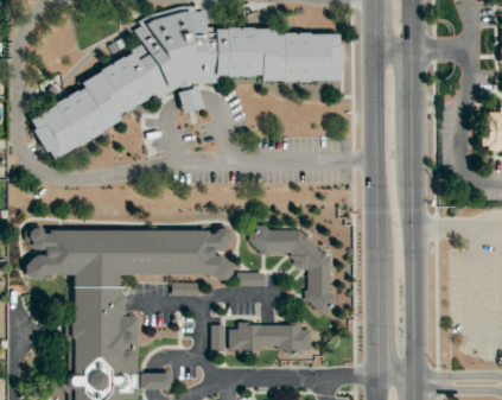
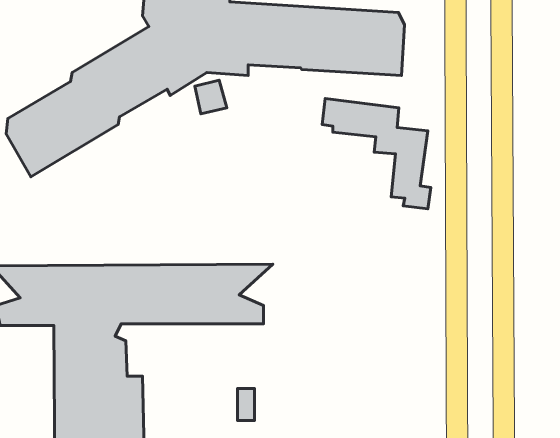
building: [253,226,337,311] -> [322,99,431,209]
building: [230,323,311,351] -> none

